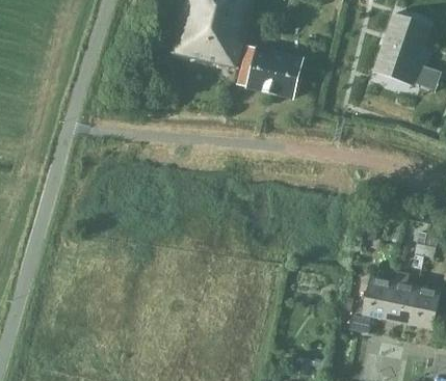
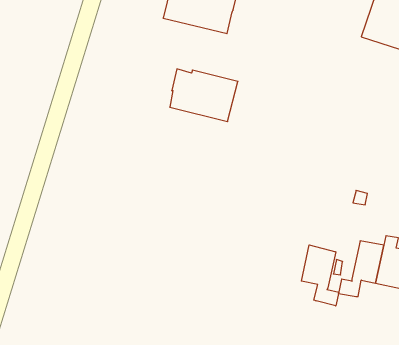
building: [236,45,305,98] -> [170,69,238,122]
building: none -> [301,245,339,306]

